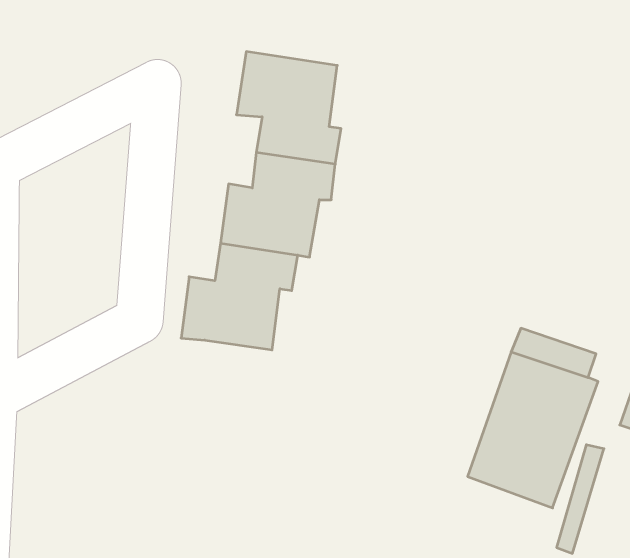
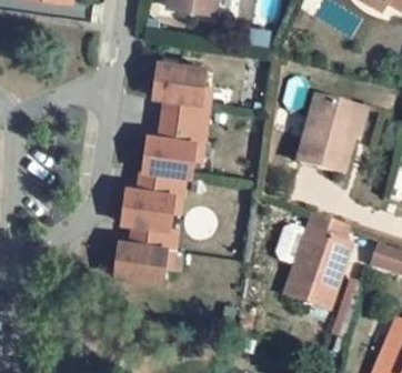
building: none -> [300,97,362,173]
building: none -> [113,222,178,281]

